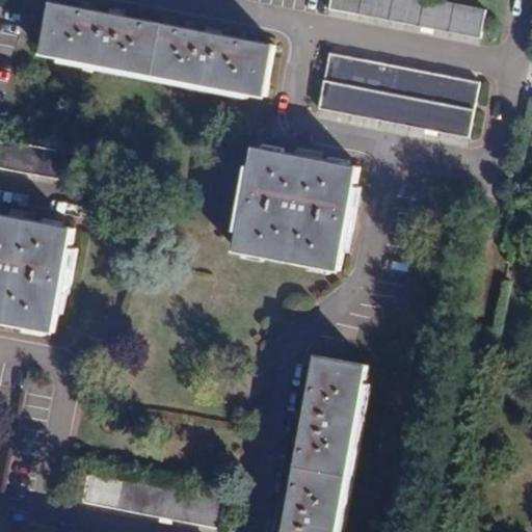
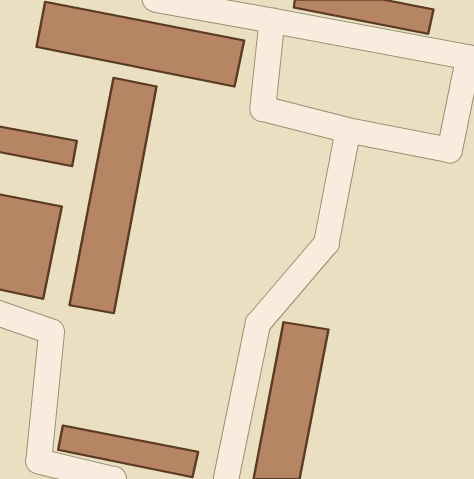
building: [315,53,475,137] -> none
building: none -> [70,78,157,313]
building: [232,148,353,269] -> none

